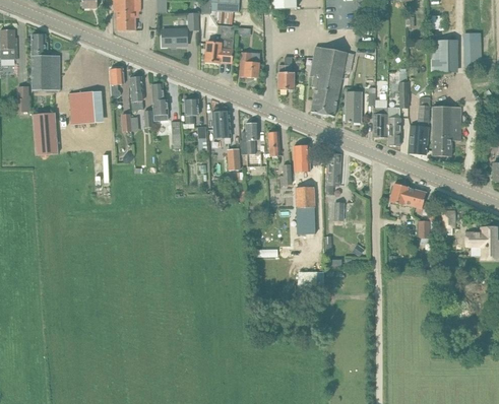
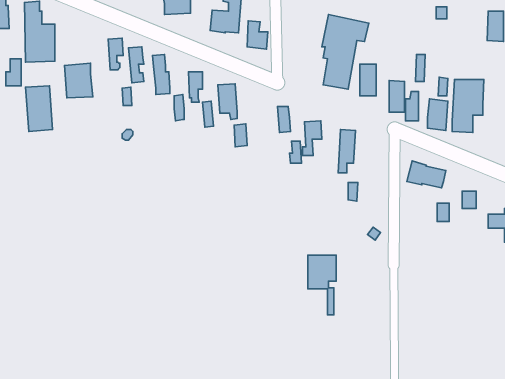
building: [433,39,455,71] -> none
building: [278,56,294,88] -> none
building: [242,122,261,165] -> none
building: [296,186,315,263] -> none

